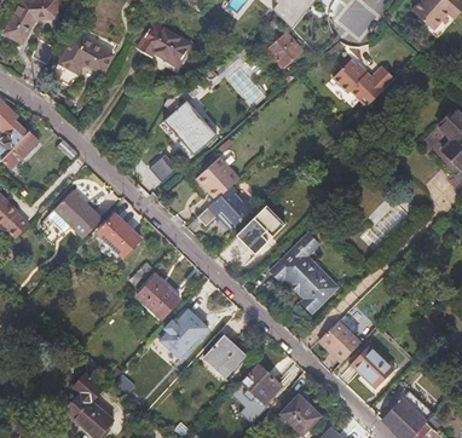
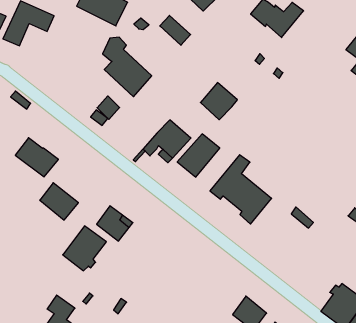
building: [197,157,239,200] -> [200,83,237,120]
building: [98,214,142,258] -> [40,183,78,220]
building: [156,306,207,357] -> [63,226,106,271]
building: [320,316,358,362] -> none
building: [204,335,244,376] -> none
building: [352,346,394,387] -> none
building: [242,364,281,403] -> none

